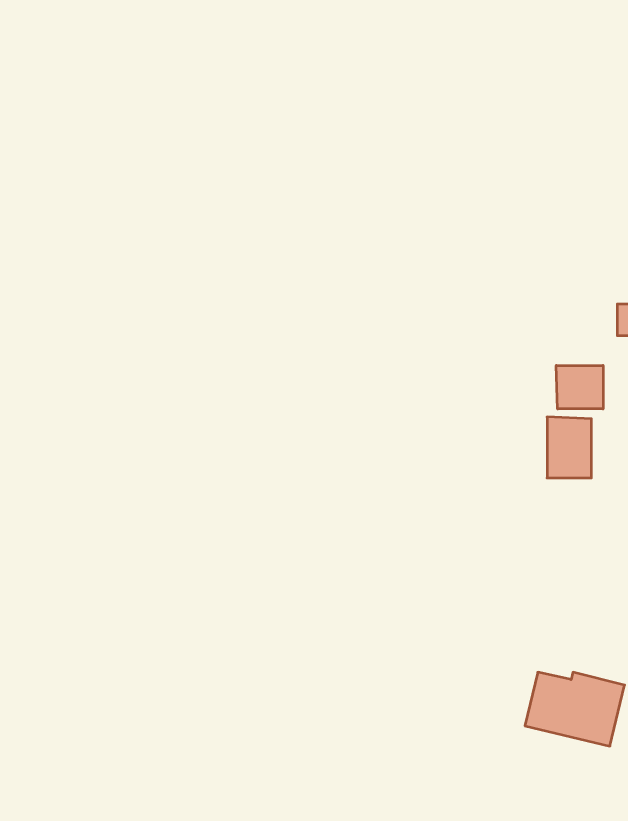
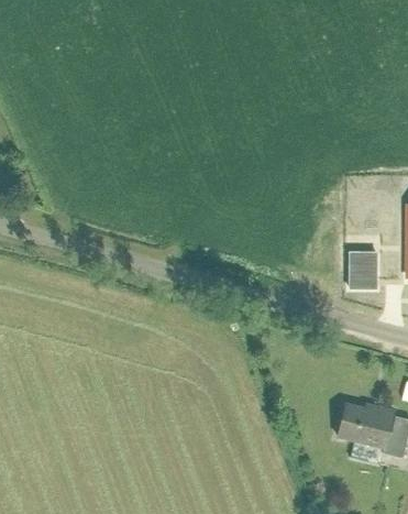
building: [556,365,603,409] -> none

